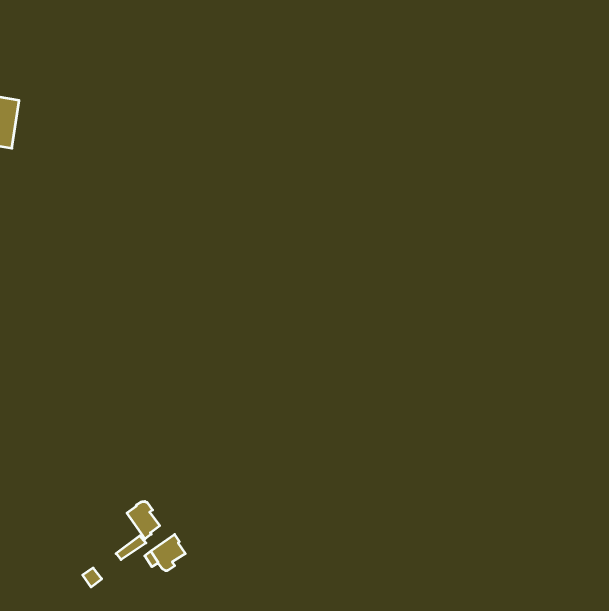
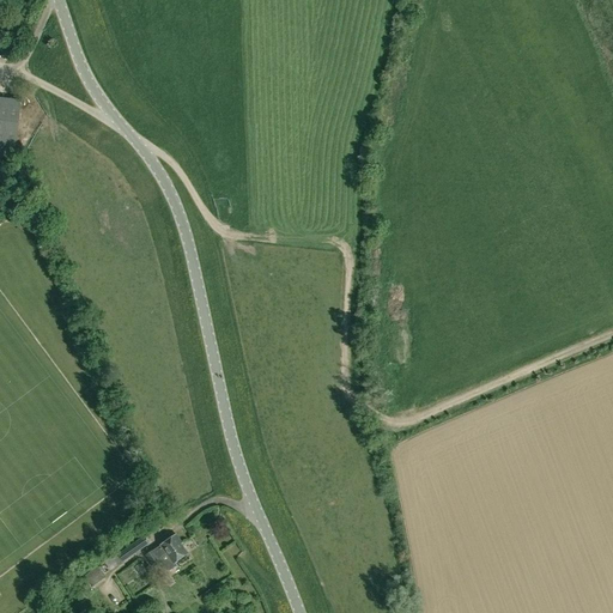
building: [127,501,160,539] -> none

